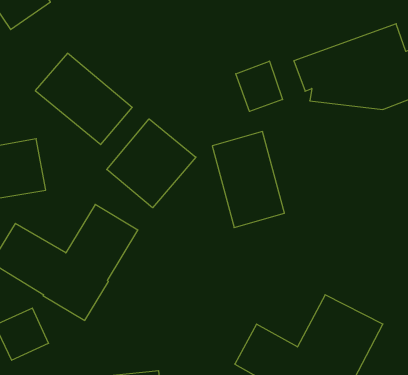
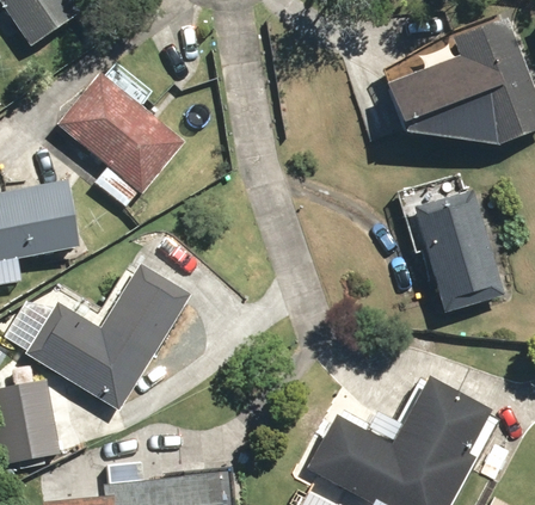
building: [236,61,283,111] -> none
building: [107,119,196,208] -> none
building: [212,132,284,228] -> [414,189,505,309]

